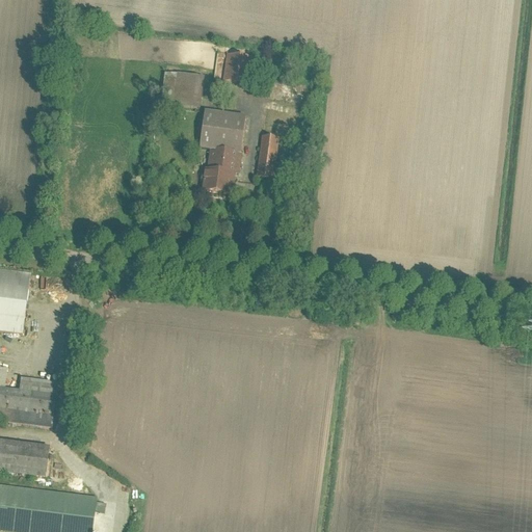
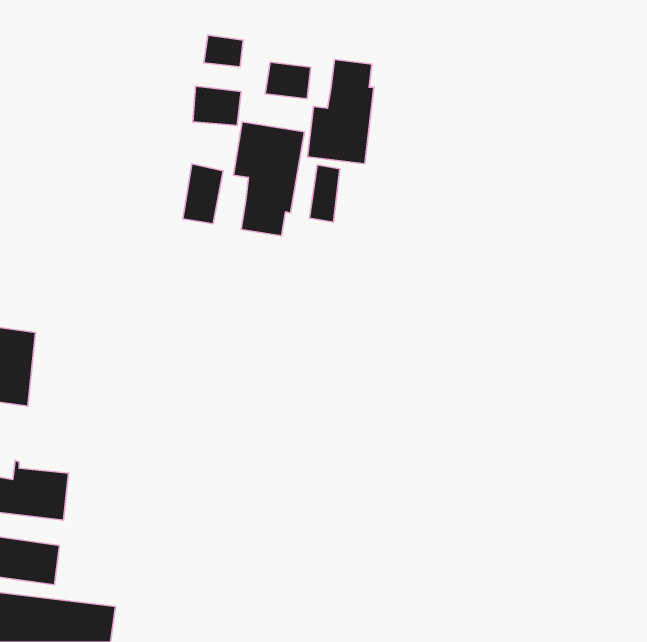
building: none -> [204,35,243,67]
building: none -> [307,59,374,164]
building: none -> [183,164,223,224]

